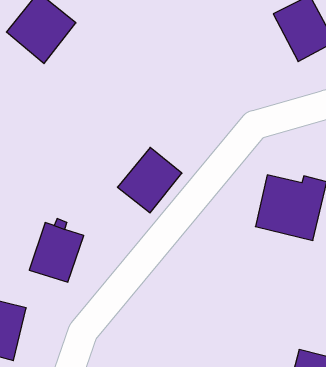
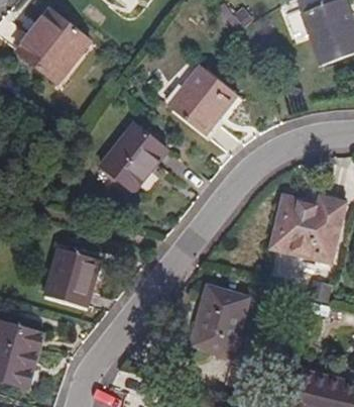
building: none -> [168,66,236,135]
building: [117,147,182,213] -> [99,124,164,191]
building: none -> [187,286,247,359]

